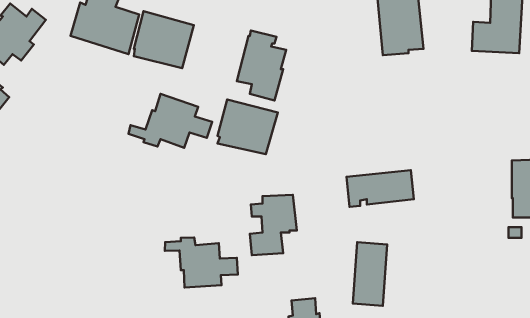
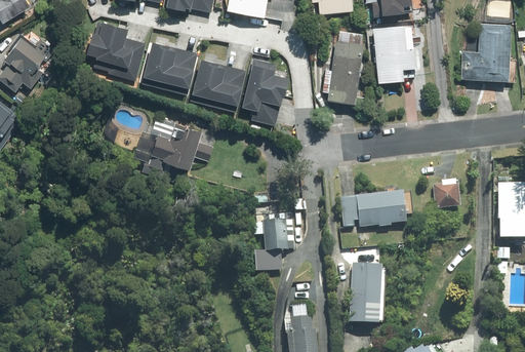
building: none -> [322,40,366,104]
building: [218,99,278,154] -> [188,58,245,111]
building: none -> [434,182,462,209]
building: [165,237,238,288] -> none

